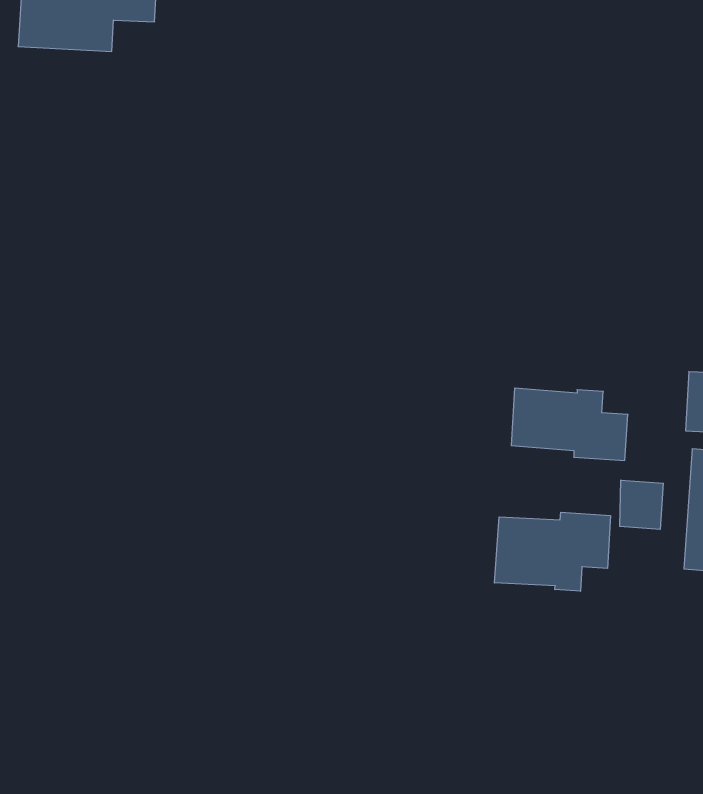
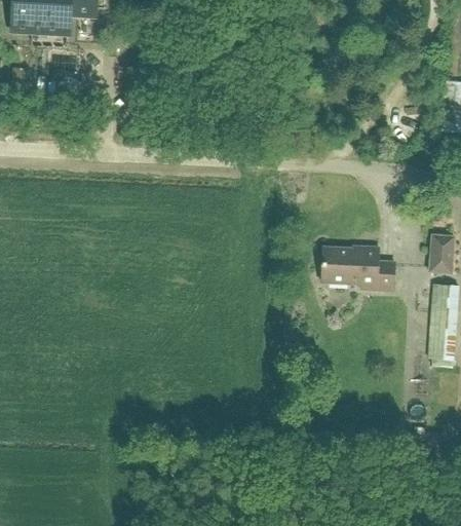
building: [620,480,663,529] -> none
building: [494,512,610,591] -> none

